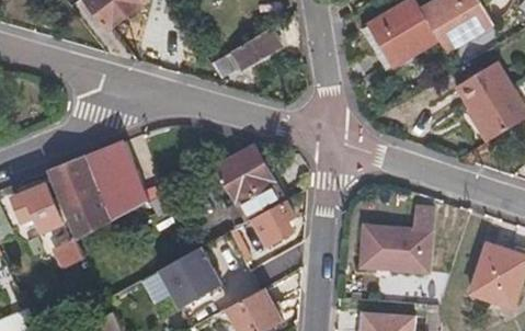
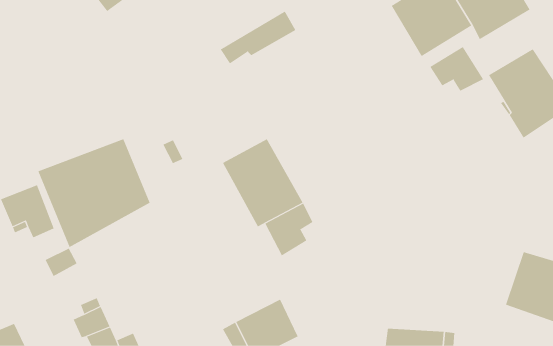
building: none -> [430,46,484,92]
building: [361,206,433,272] -> none
building: [158,247,222,309] -> none

